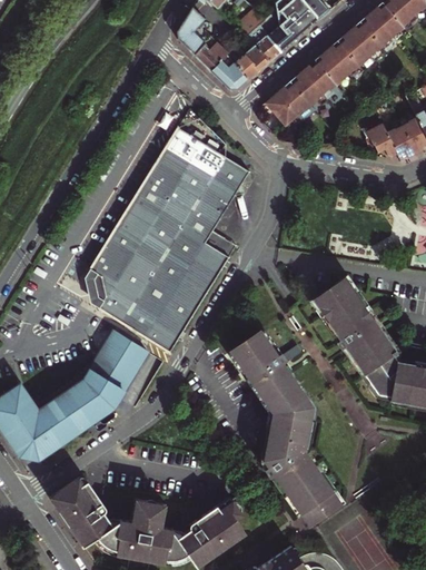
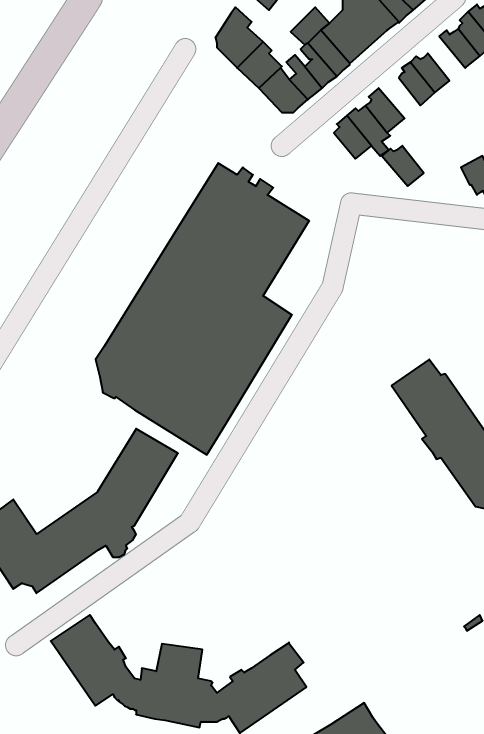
building: [340,30,369,65] -> none
building: [303,62,335,94] -> [382,146,424,186]
building: [229,330,341,522] -> none

